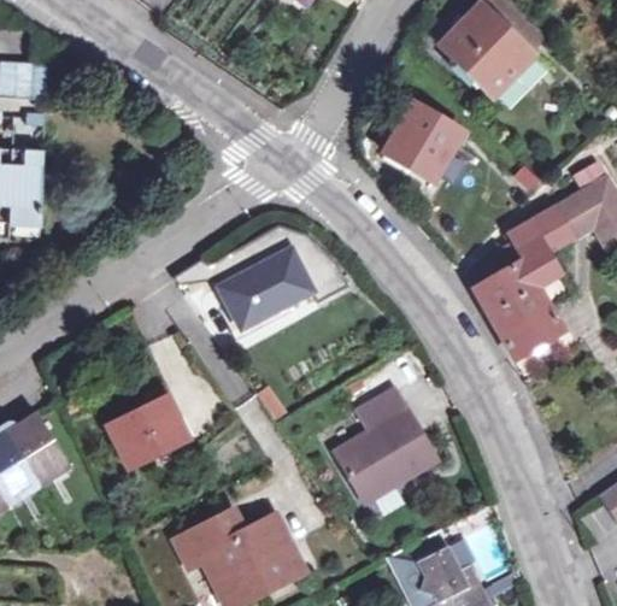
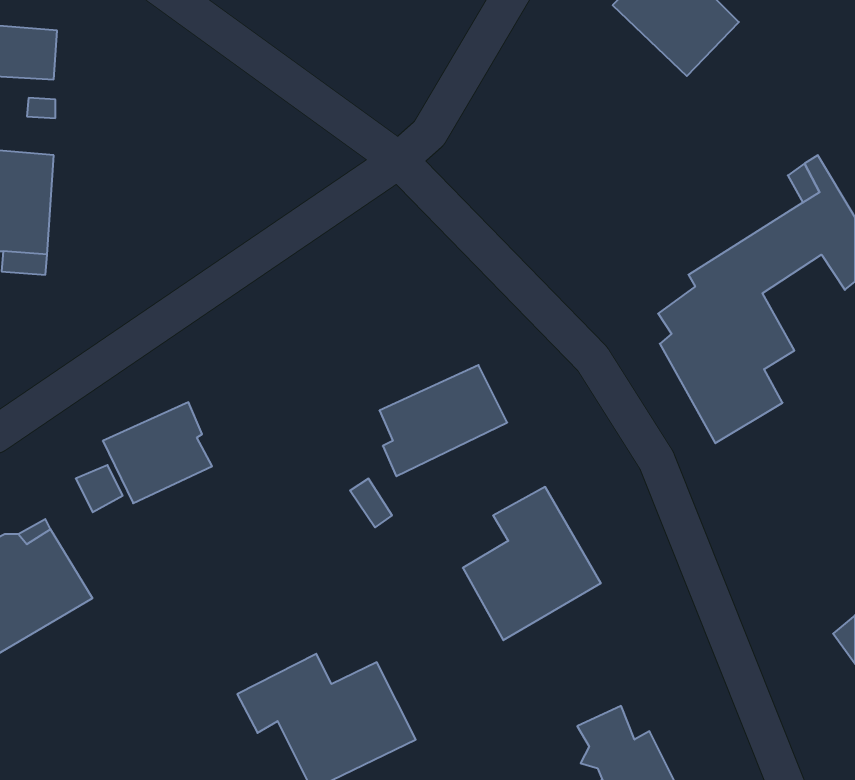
building: [387,106,460,180] -> none
building: [222,249,313,329] -> [379,365,507,476]
building: [107,394,186,466] -> [103,402,212,503]

